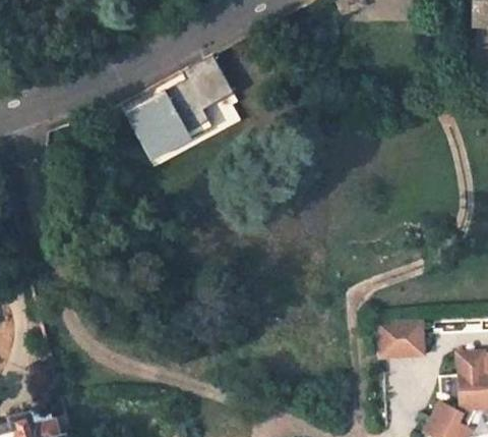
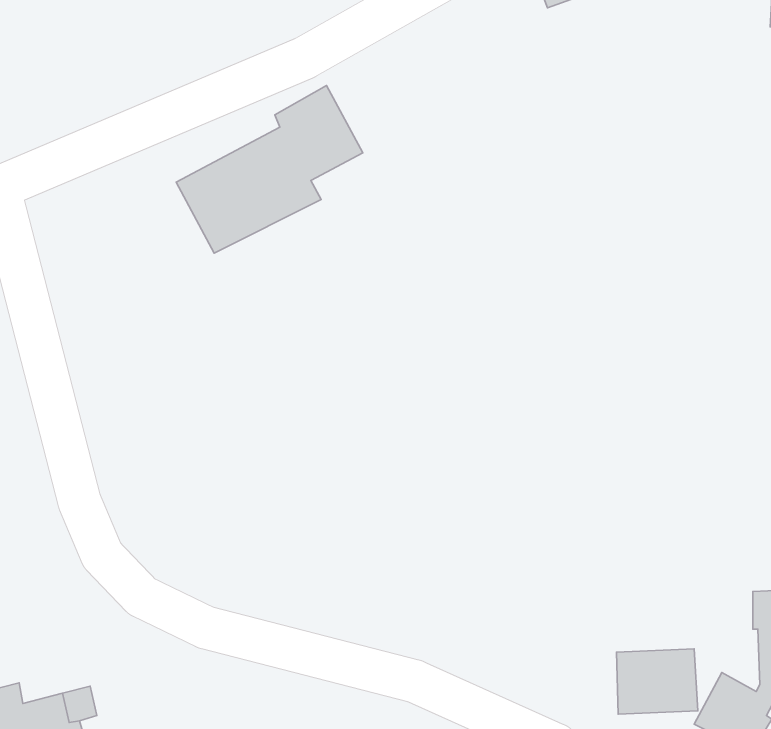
building: [143,95,237,168] -> none
building: [377,319,425,358] -> [617,649,698,714]

